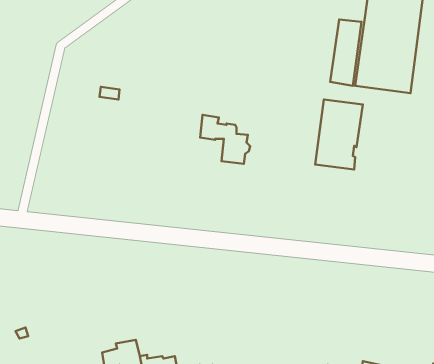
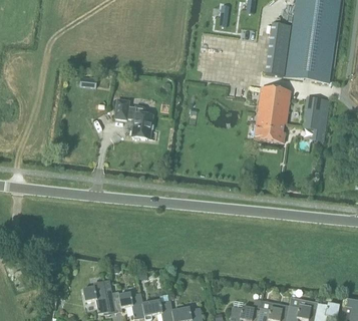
building: none -> [303,95,329,139]
building: [200,115,250,164] -> [113,98,153,137]

